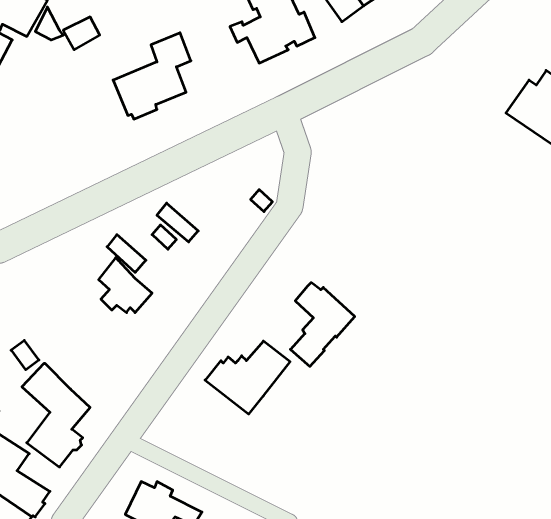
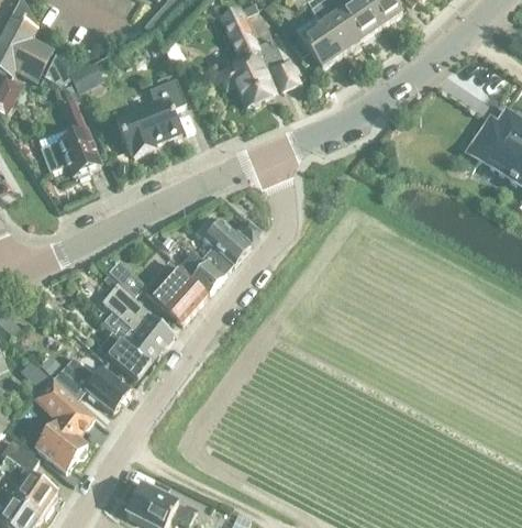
building: none -> [40,100,100,175]
building: none -> [153,270,206,322]
building: [290,283,355,366] -> [191,214,249,290]
building: none -> [53,355,129,409]
building: [205,341,290,414] -> [97,312,174,378]

